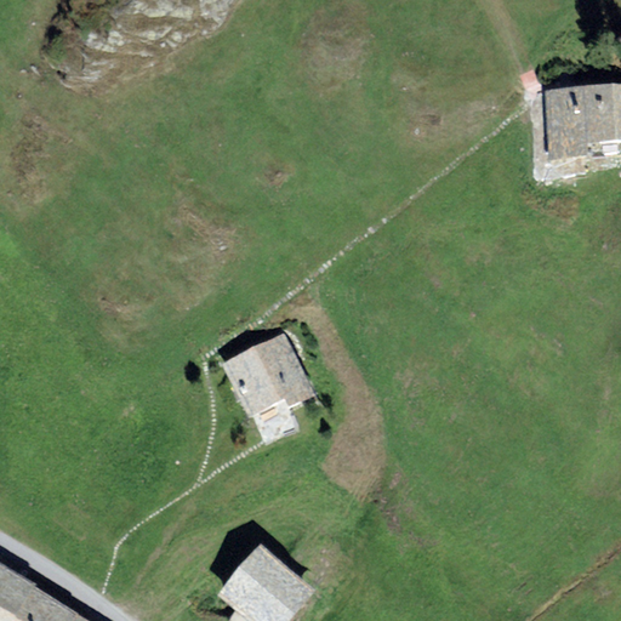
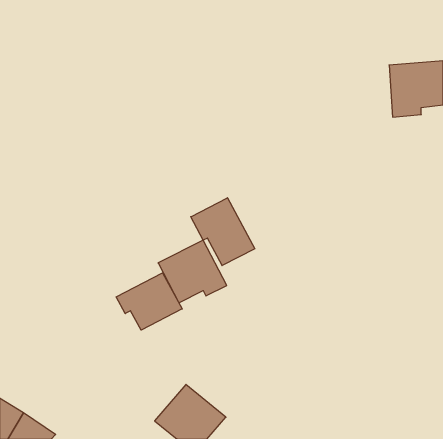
building: none -> [191,198,255,266]
building: none -> [116,273,182,330]

